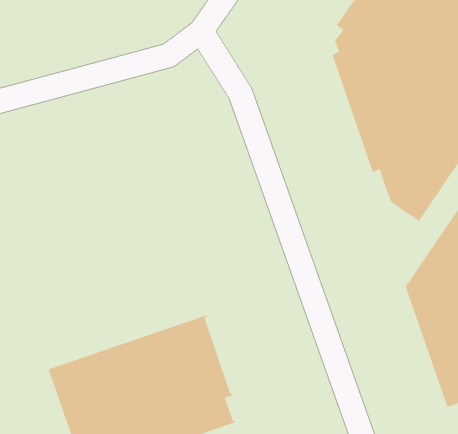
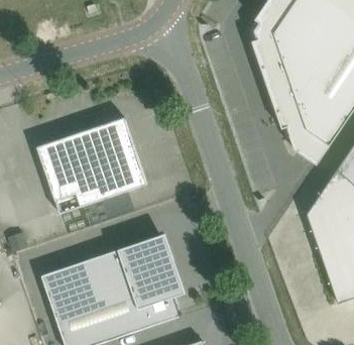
building: none -> [37,117,147,213]

